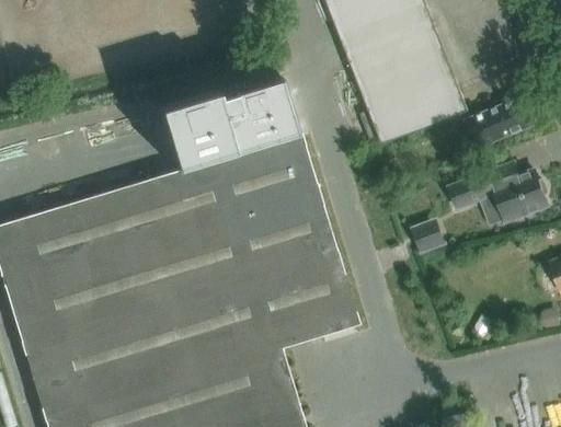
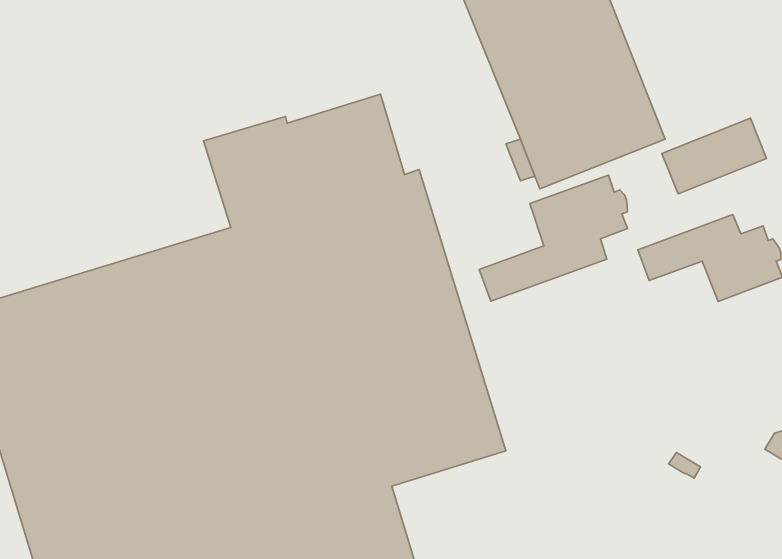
building: none -> [479,175,628,301]
building: [412,217,449,254] -> none

